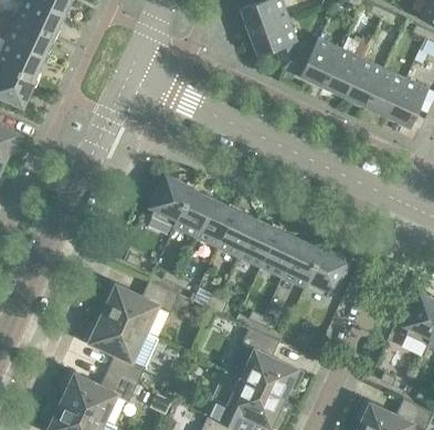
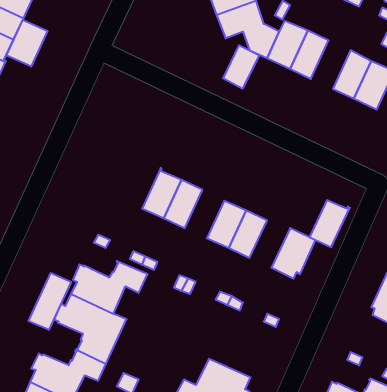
building: none -> [7,20,47,67]
building: [343,57,383,106] -> none
building: none -> [223,45,259,89]
building: [150,174,192,227] -> none
building: [216,208,256,256] -> none
building: [282,239,322,286] -> [309,200,350,247]
building: none -> [29,273,71,330]
building: [227,326,299,397] -> none

